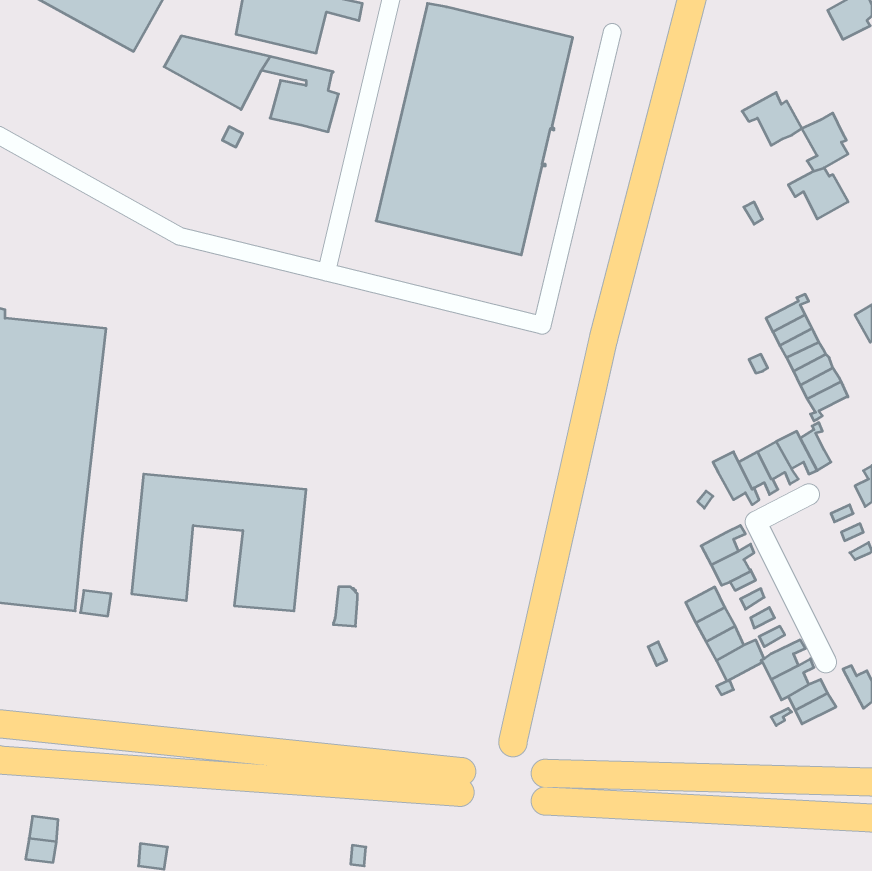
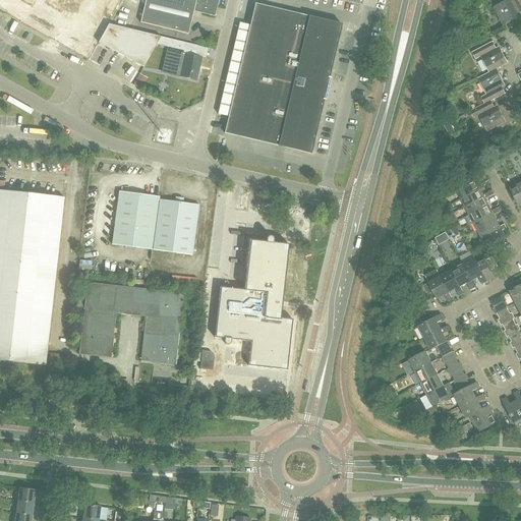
building: [742,92,802,145] -> [471,40,507,71]
building: none -> [111,189,198,253]
building: none -> [214,234,291,367]

